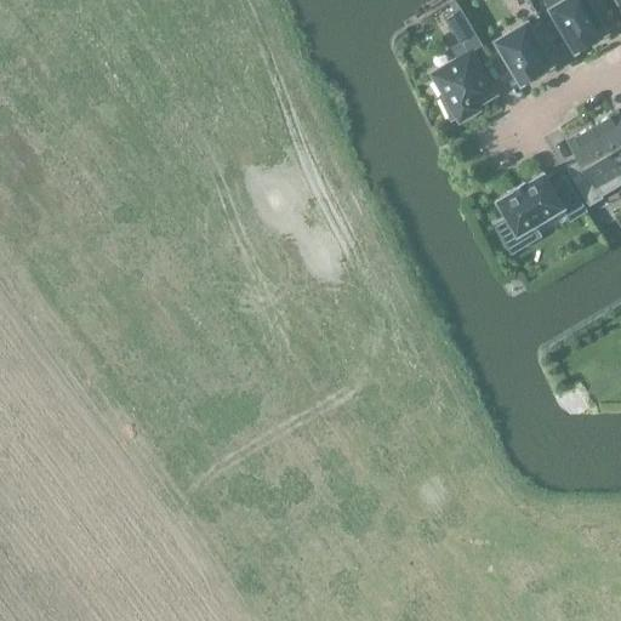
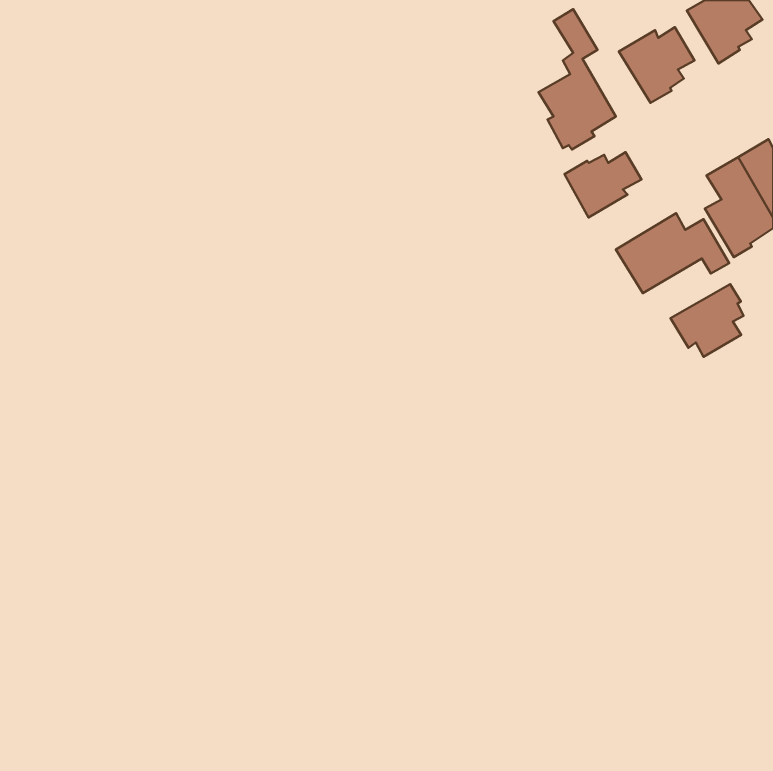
building: none -> [565,152,641,218]
building: none -> [671,284,744,357]

